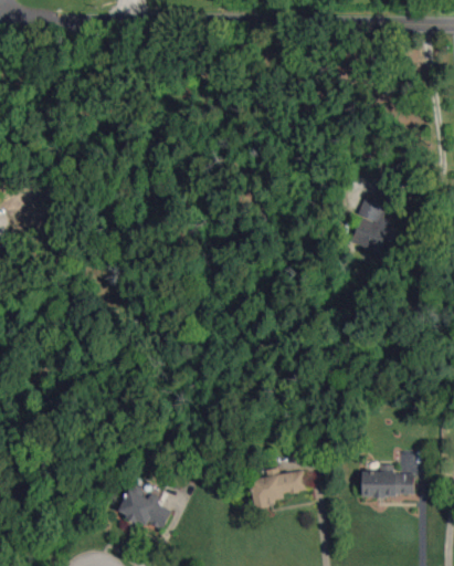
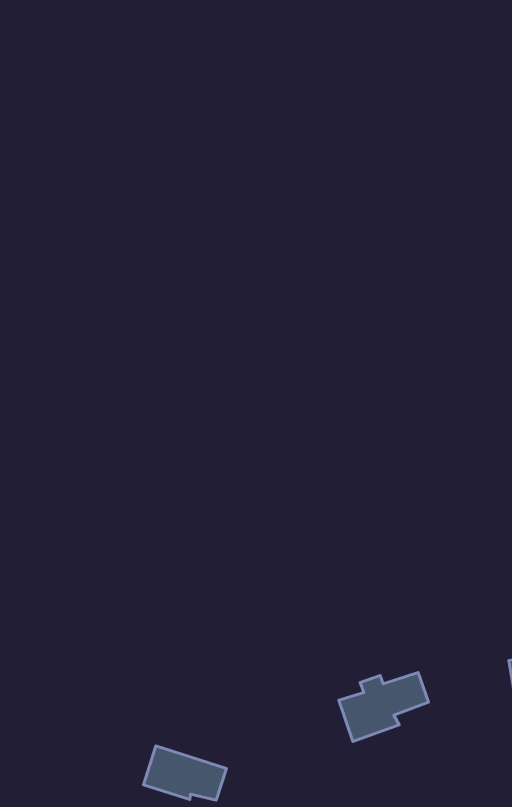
building: [349,198,393,253] -> none

